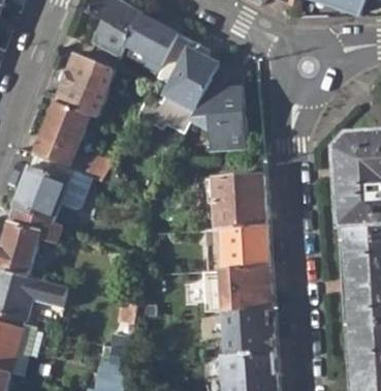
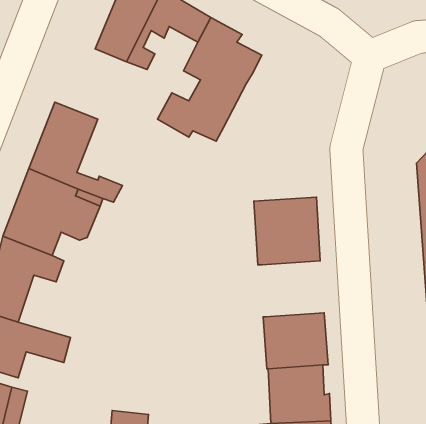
building: [54,55,114,119] -> none
building: [188,64,245,153] -> none
building: [203,229,267,274] -> none

